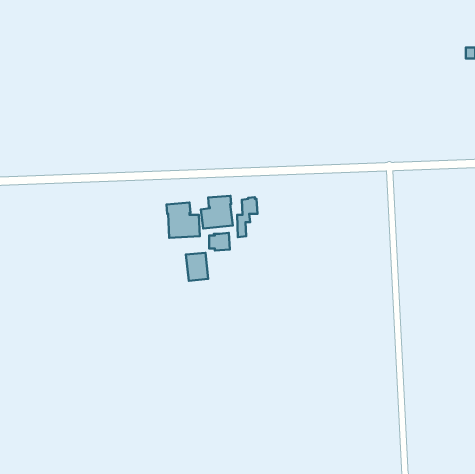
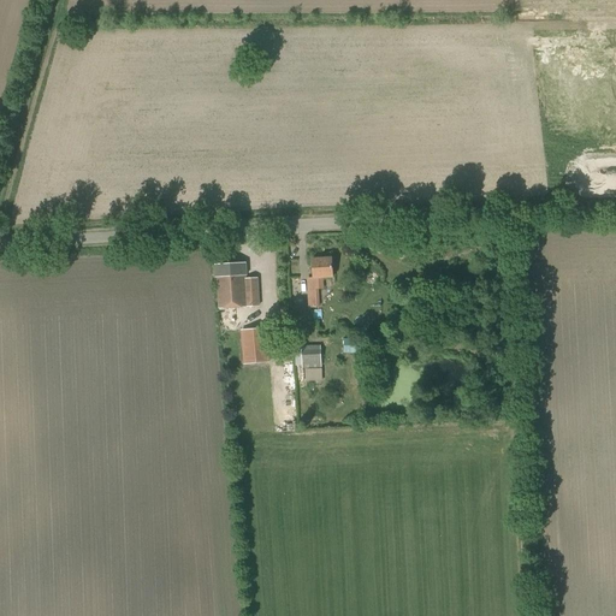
building: [201,196,233,229] -> none
building: [209,233,230,251] -> [295,344,321,367]

